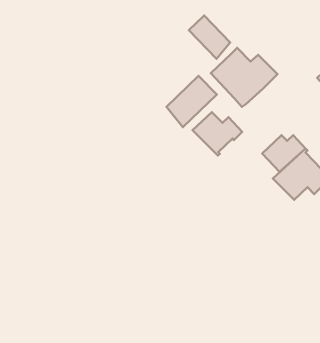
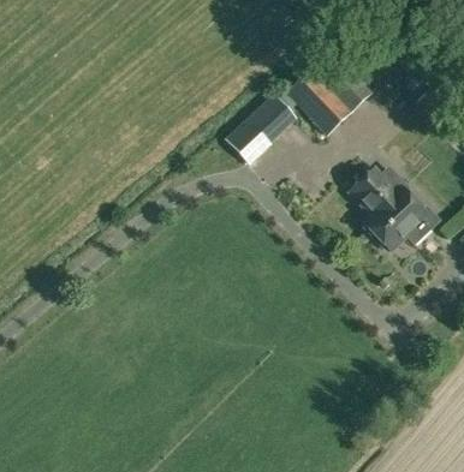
building: [189,16,230,59] -> none
building: [192,112,242,156] -> none

